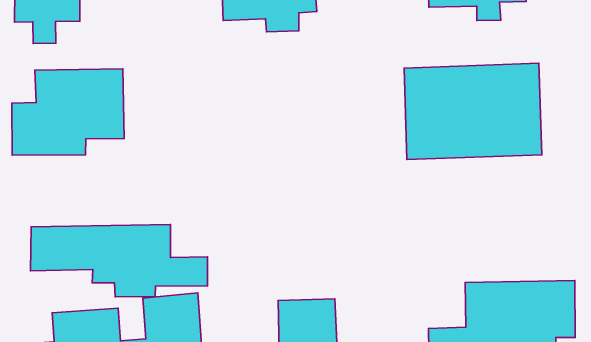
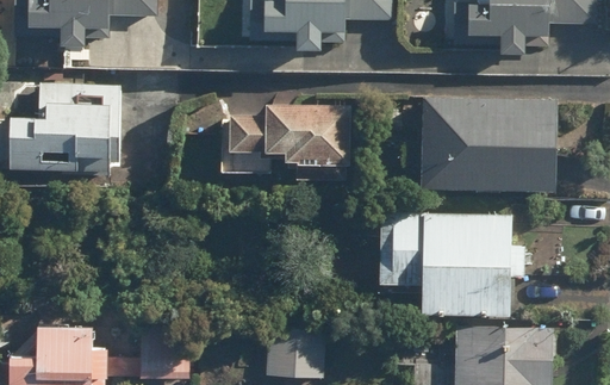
building: none -> [236,94,367,166]
building: none -> [394,205,540,306]
building: [31,225,208,297] -> none

